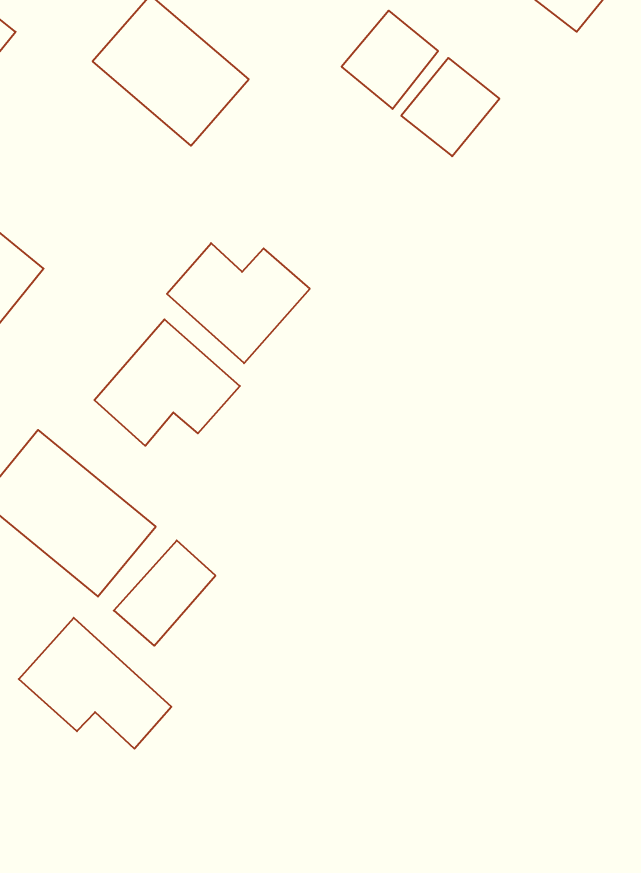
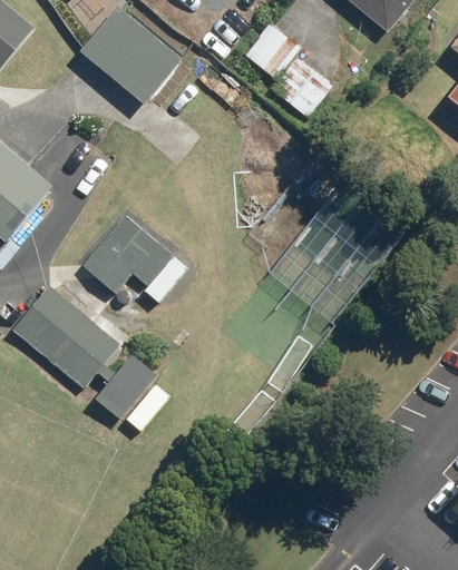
building: [167,243,310,363] -> none
building: [19,618,171,749] -> none

